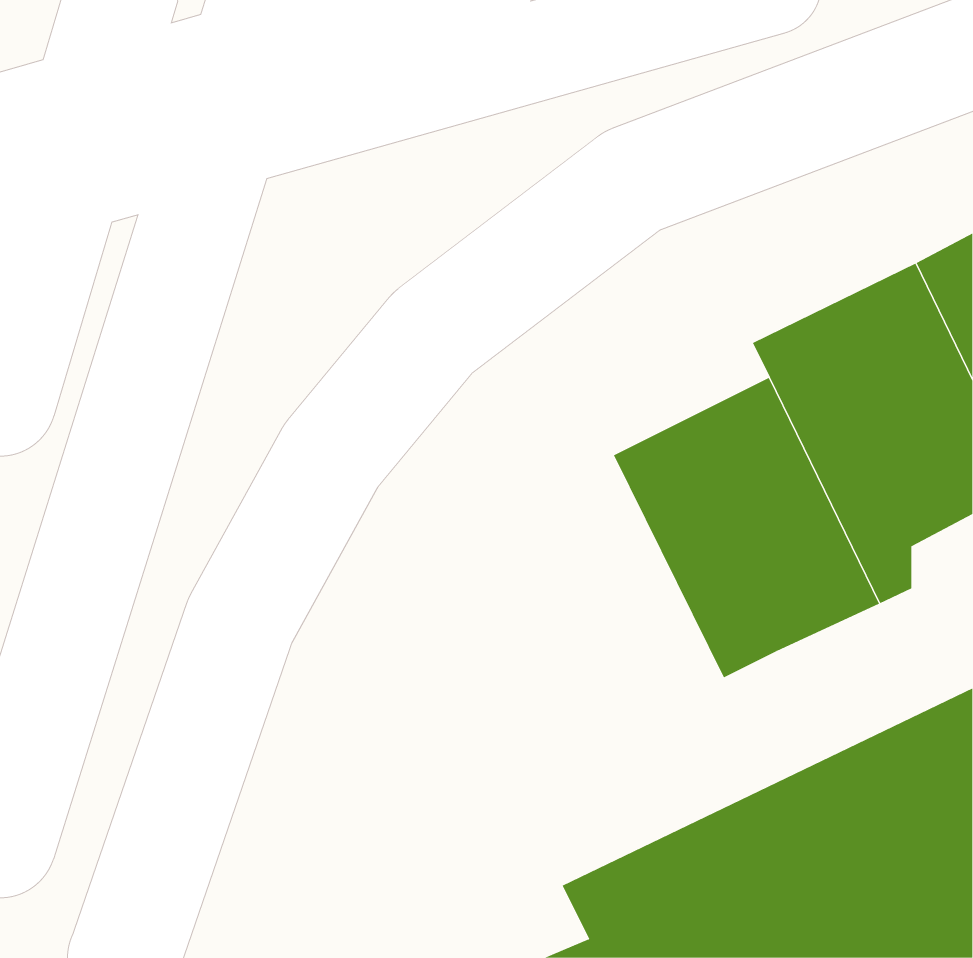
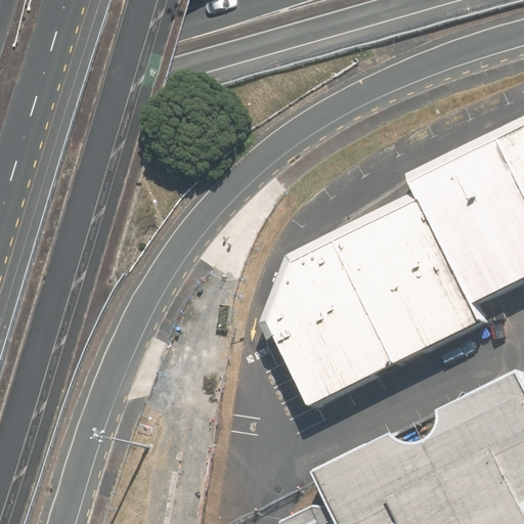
building: none -> [264,245,389,405]

